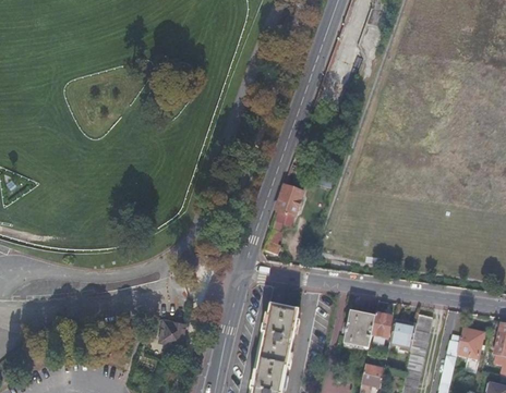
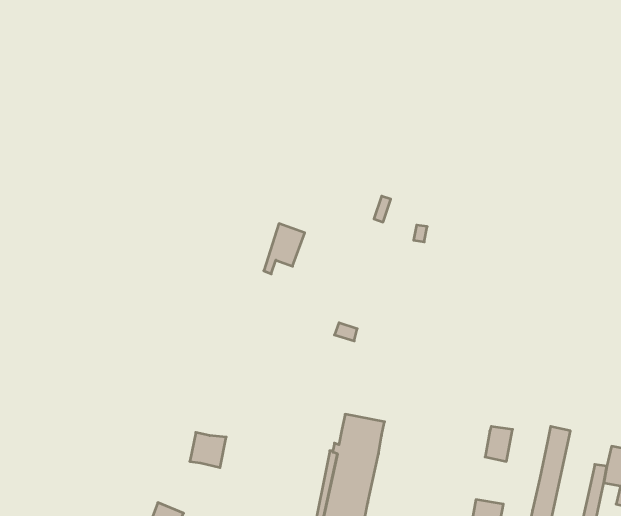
building: [274,184,303,220] -> [264,224,305,274]
building: [344,312,374,348] -> none
building: [389,320,415,351] -> none

